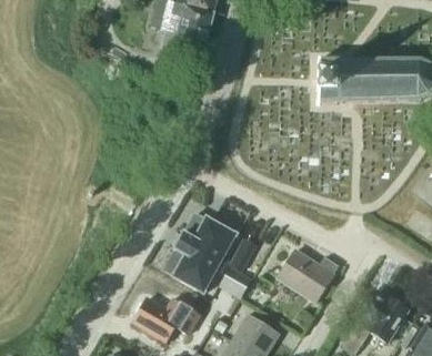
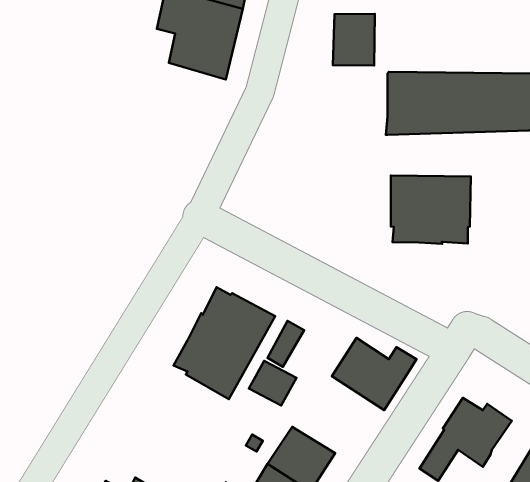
building: none -> [333,14,375,66]
building: none -> [391,176,471,244]
building: [134,297,201,342] -> none

